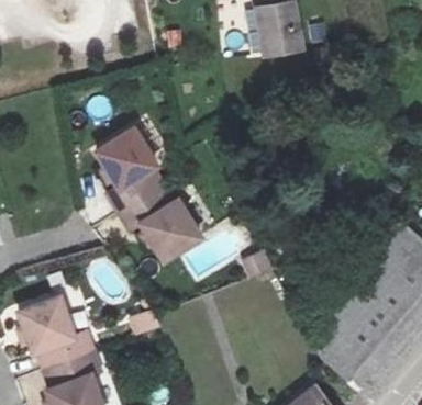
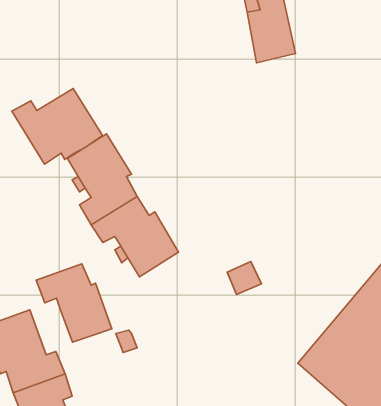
building: none -> [12,88,102,164]
building: none -> [36,264,112,342]

